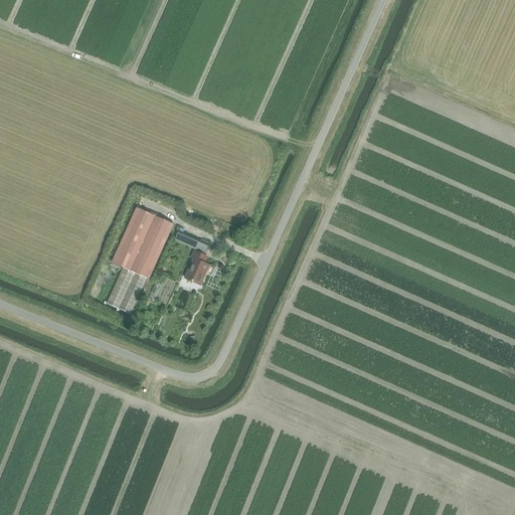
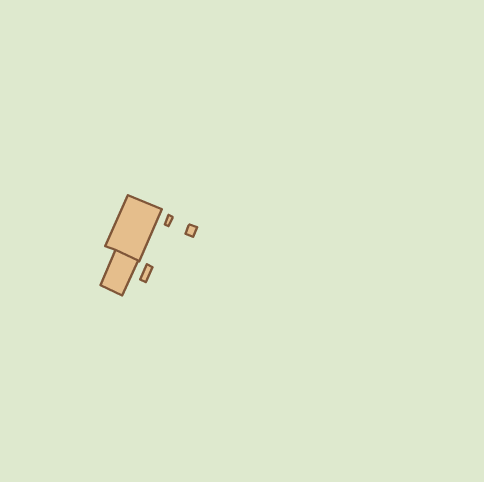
building: [184,250,209,285] -> none

